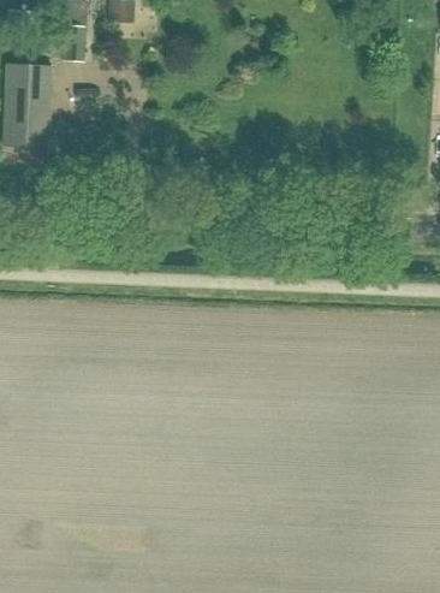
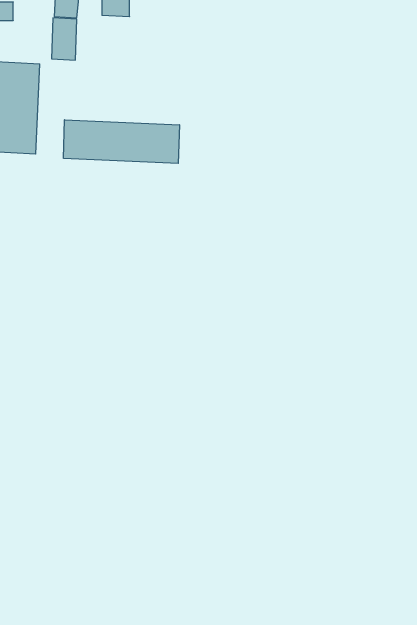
building: none -> [64,120,179,163]

